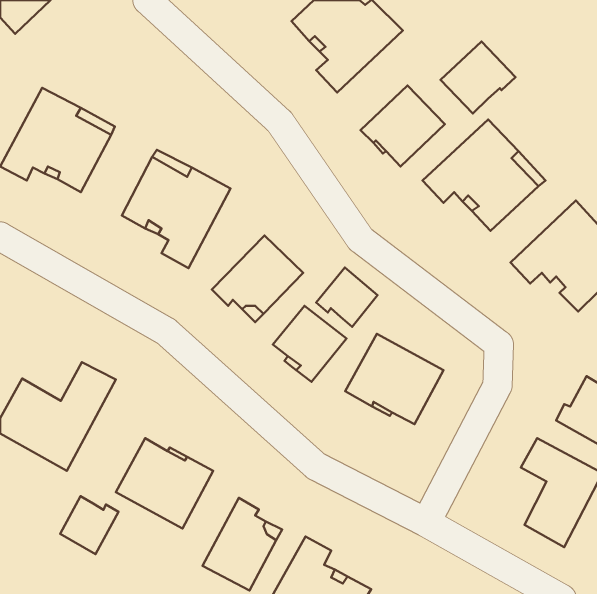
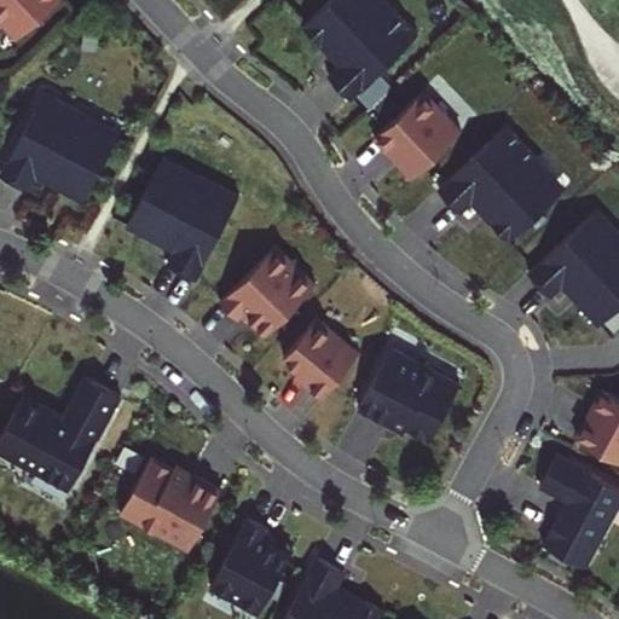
building: [441,41,515,114] -> none
building: [316,267,378,327] -> none
building: [60,496,118,554] -> none

